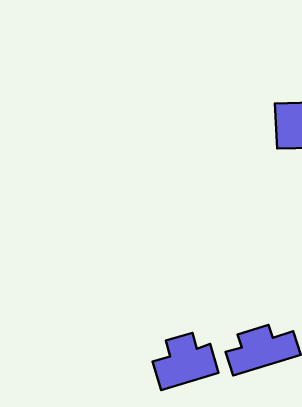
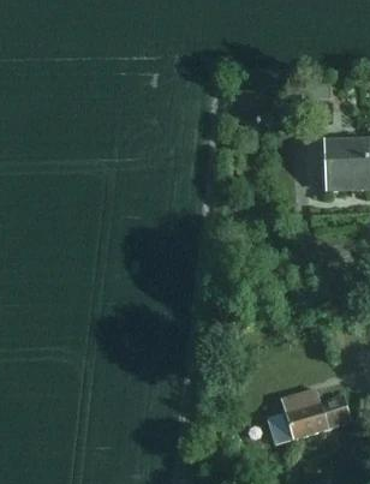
building: [153,333,219,390] -> none

